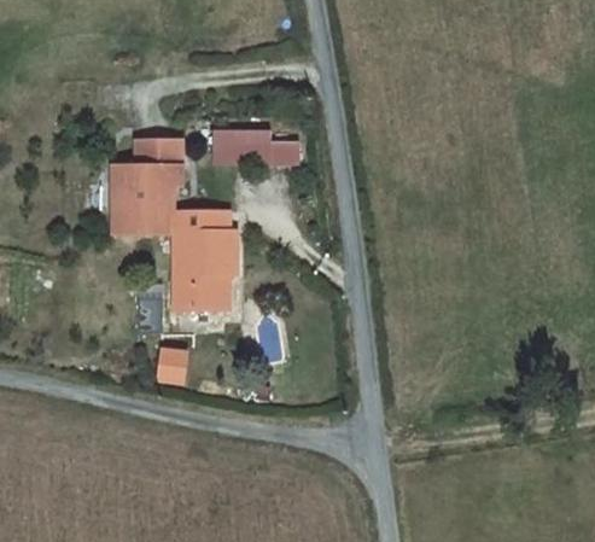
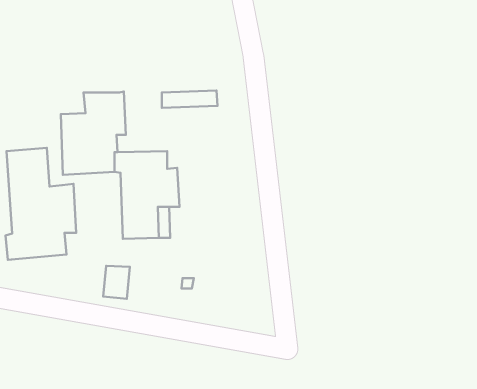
building: none -> [6,148,76,260]

